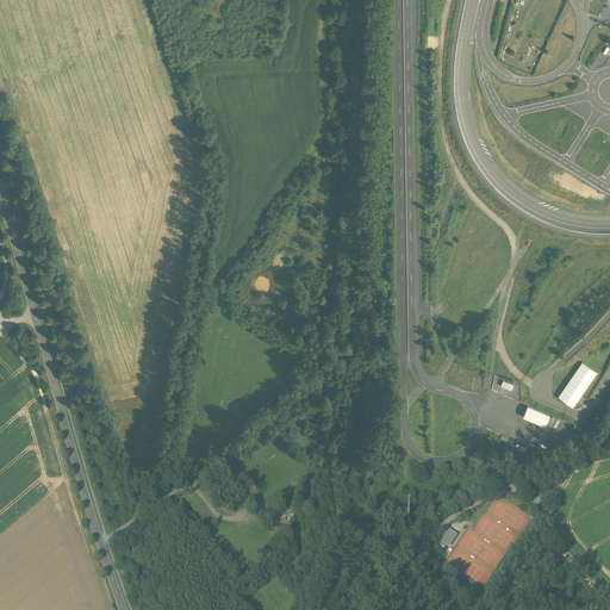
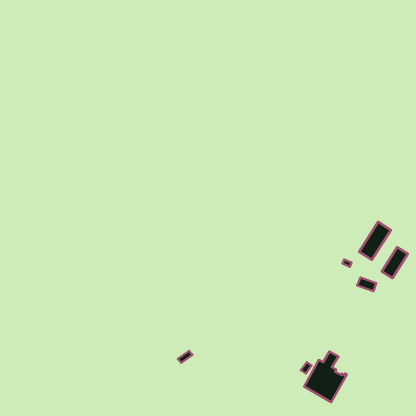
building: none -> [359,222,391,260]

